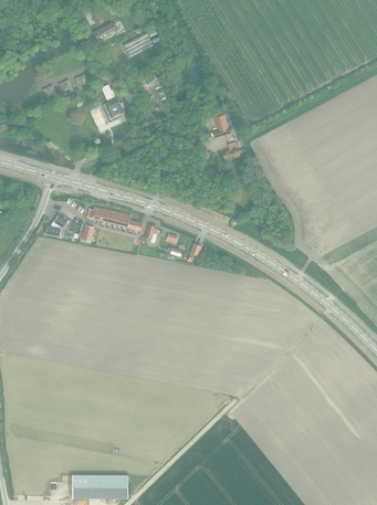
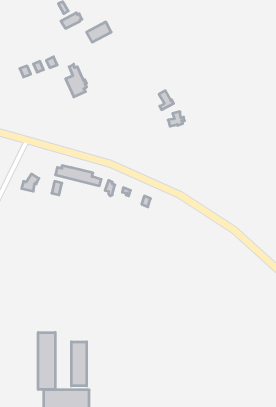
building: none -> [38,332,55,390]
building: none -> [71,342,87,386]

